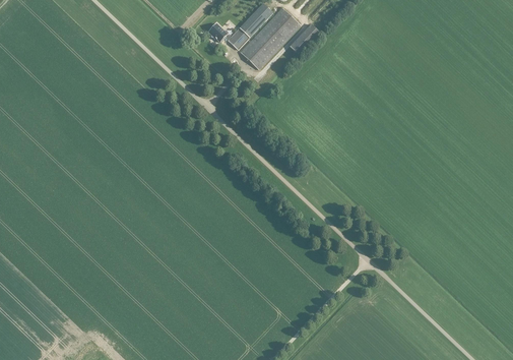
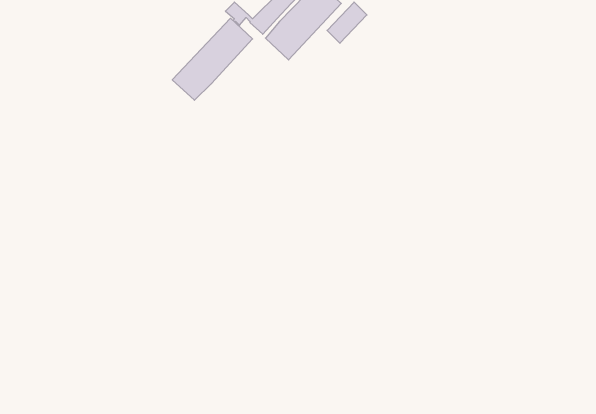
building: none -> [172,18,253,100]

